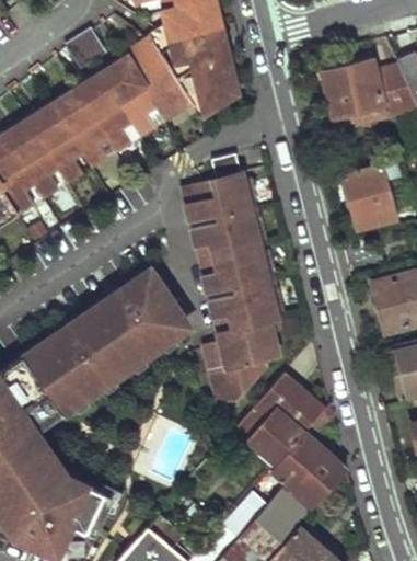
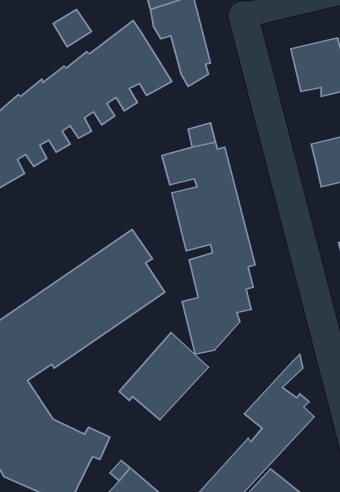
building: [159,49,201,108] -> none
building: [225,374,322,468] -> [119,333,209,420]

